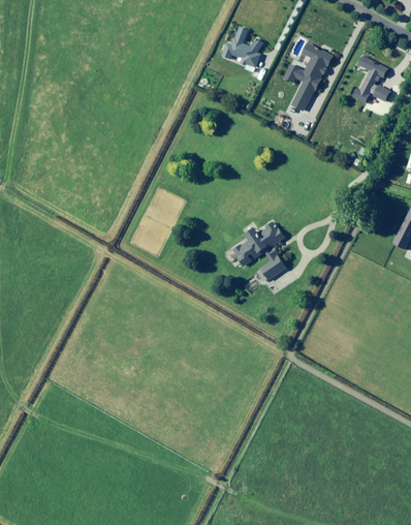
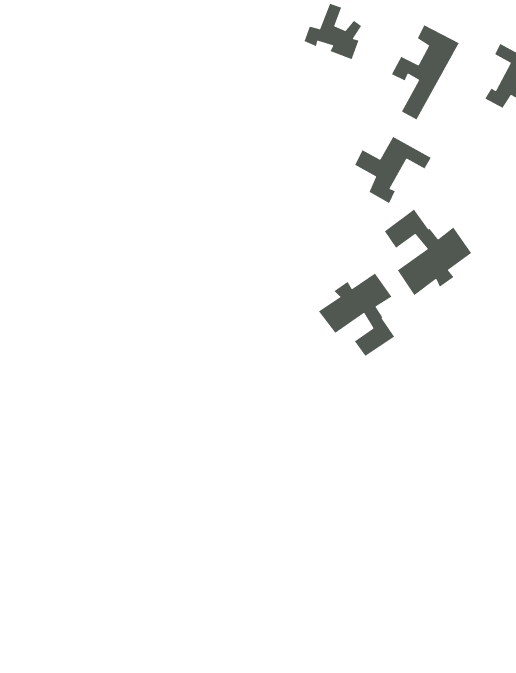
building: none -> [354,136,432,204]
building: none -> [384,209,472,296]

